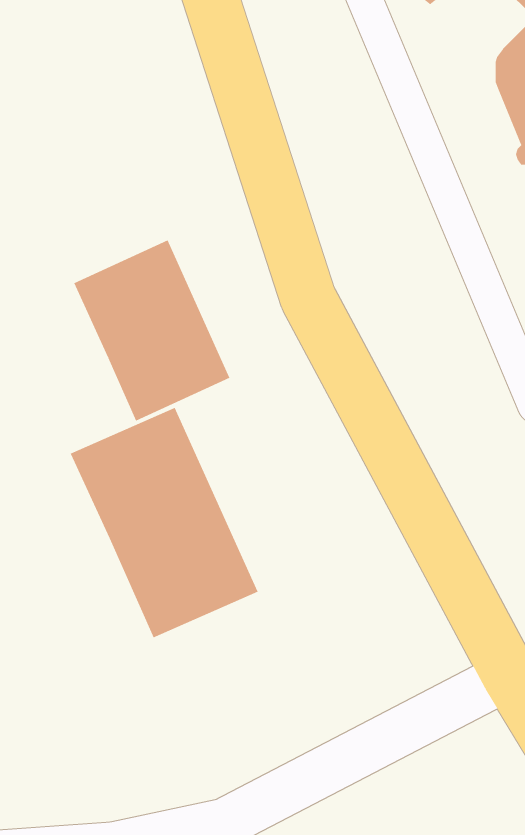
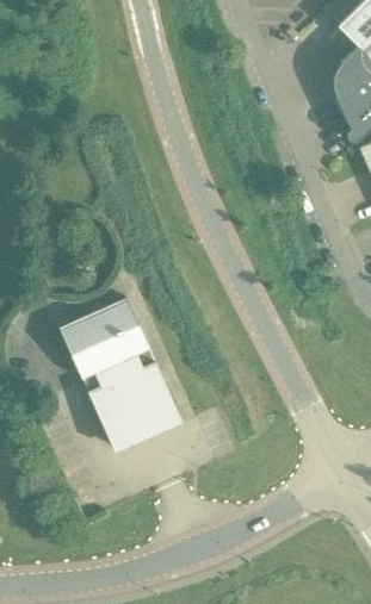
building: [74,240,230,421] -> none

